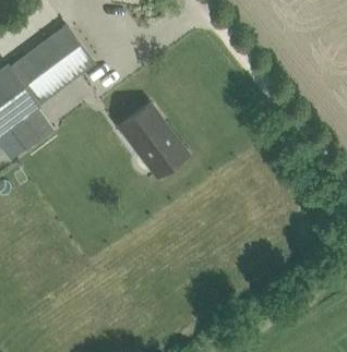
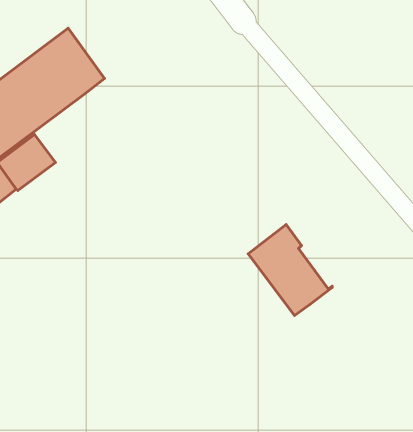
building: [121,104,187,174] -> [248,225,332,316]

